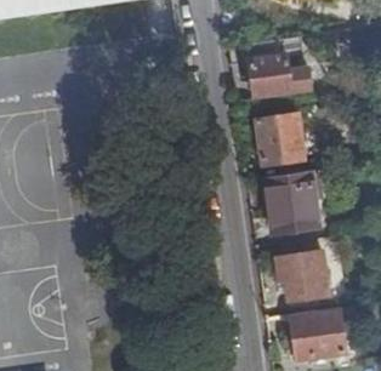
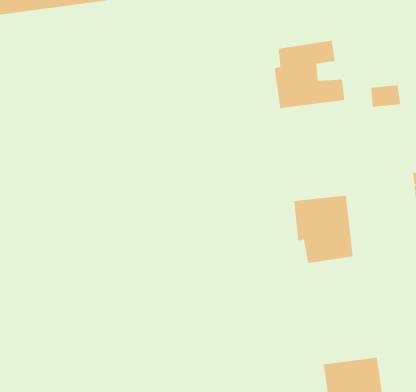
building: [255,115,302,162] -> none
building: [275,252,326,302] -> none

